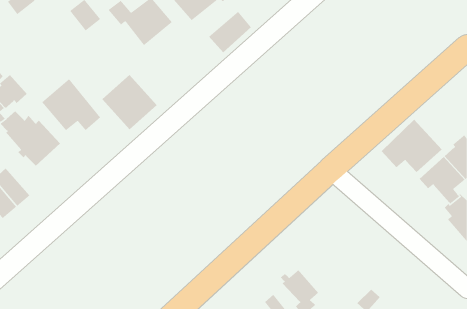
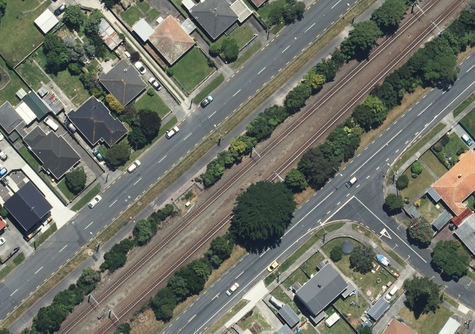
building: [208,11,252,53] -> none
building: [102,74,158,130] -> [92,54,146,108]
building: [381,119,442,173] -> none
building: none -> [311,260,356,301]

